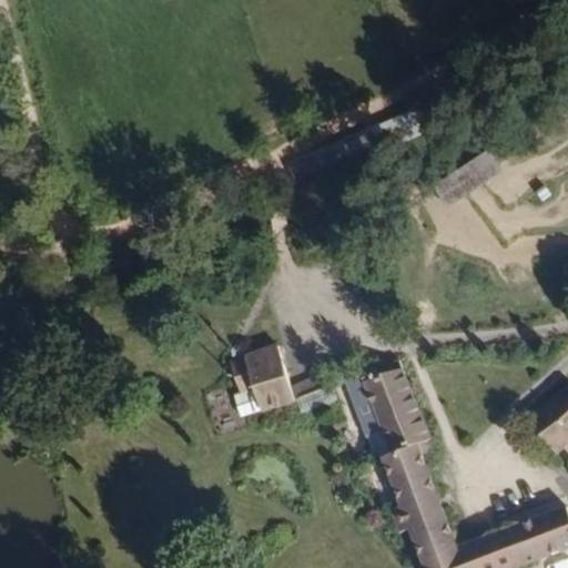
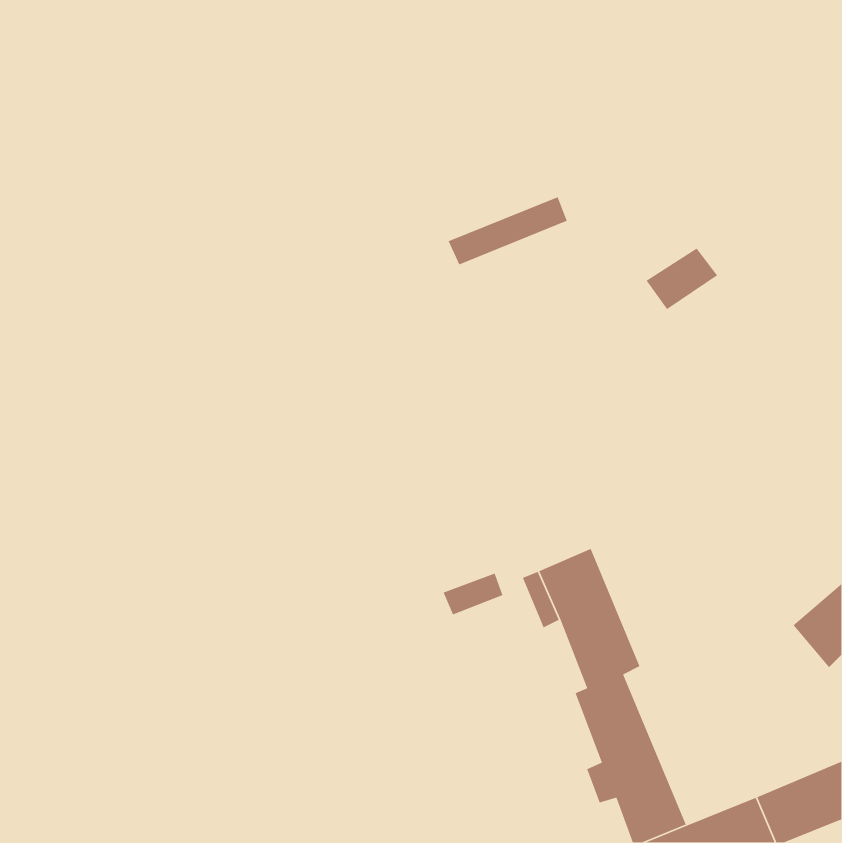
building: [229,344,296,413] -> none

